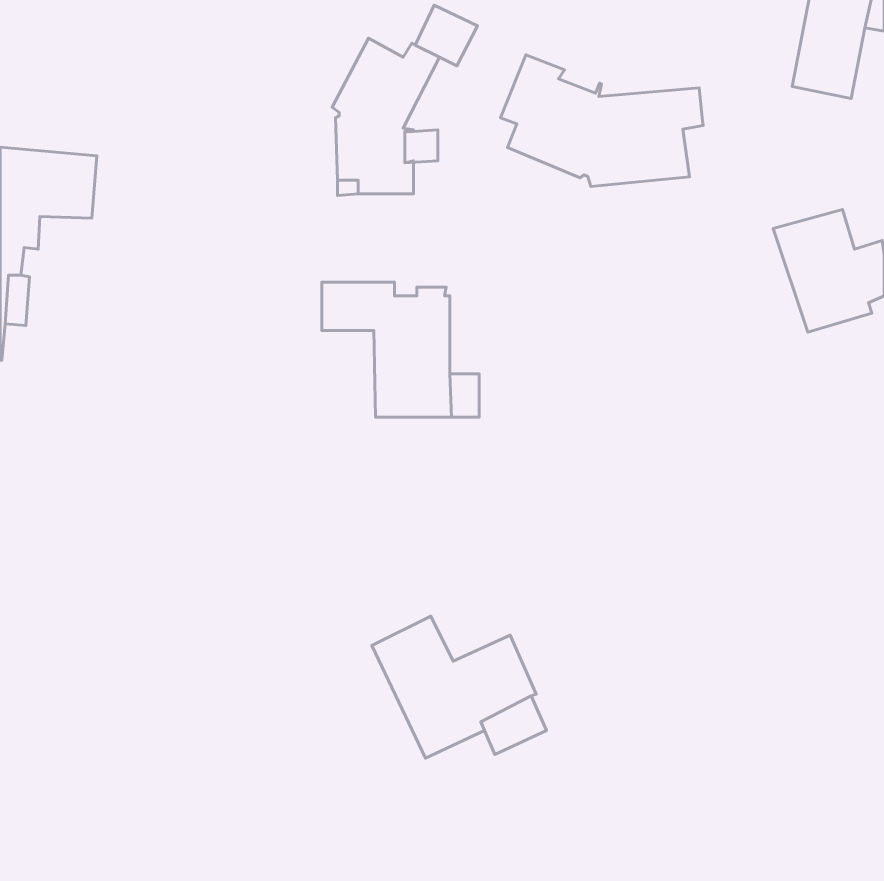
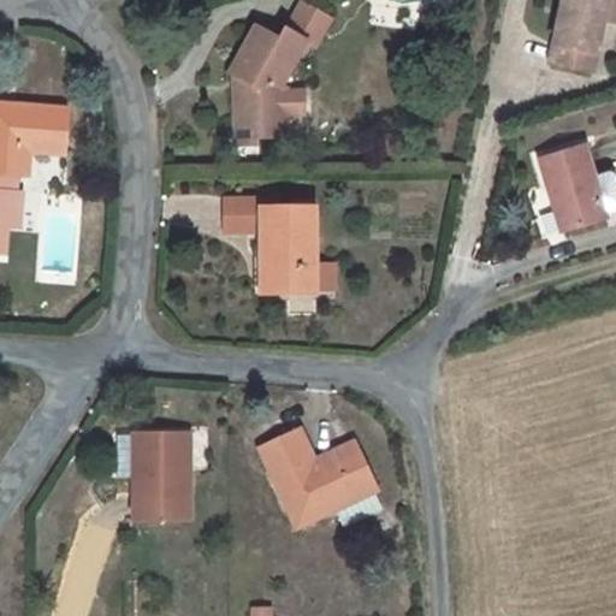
building: [500,55,703,187] -> none
building: none -> [119,436,190,519]

